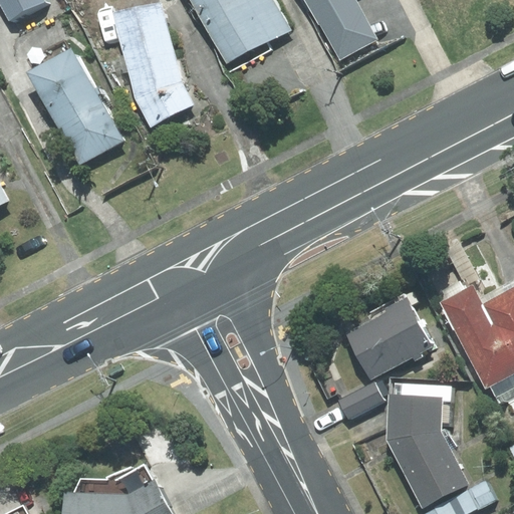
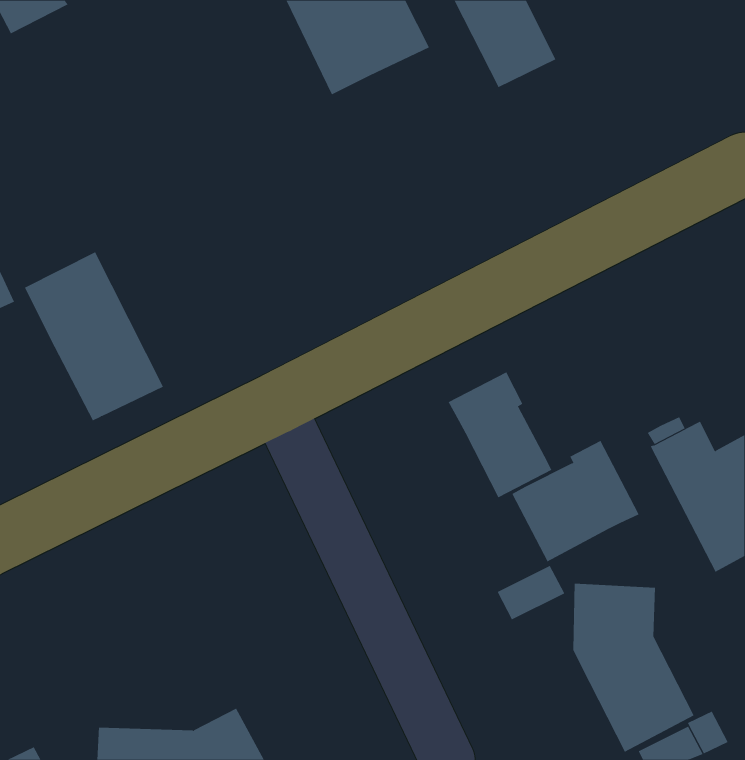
building: [117,5,192,131] -> none
building: [31,51,125,166] -> [24,252,164,421]
building: none -> [448,371,552,498]

